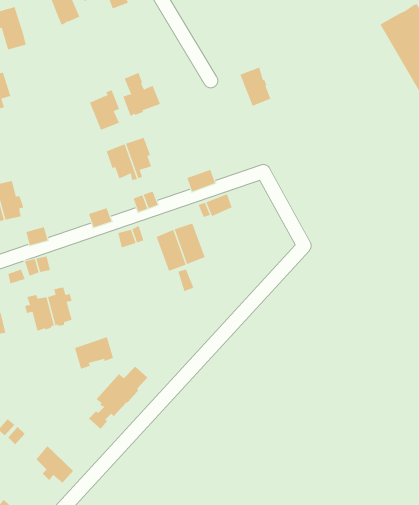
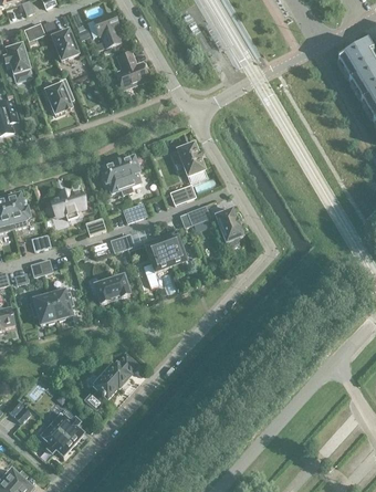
building: [239,67,271,106] -> [176,142,203,176]
building: [123,72,161,117] -> [115,50,148,88]
building: [89,90,120,131] -> [44,77,71,113]
building: none -> [50,189,85,218]
building: none -> [215,208,242,245]
building: [74,336,114,370] -> [94,274,128,303]
building: none -> [49,411,83,444]

